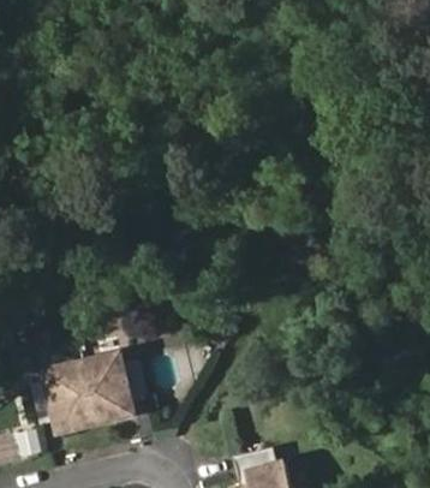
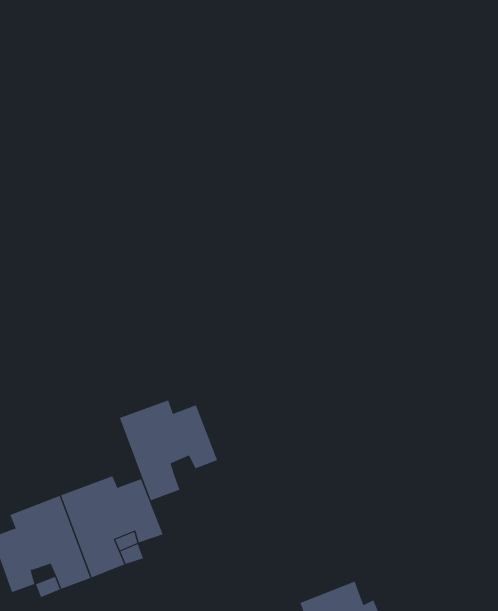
building: none -> [119,399,218,501]

